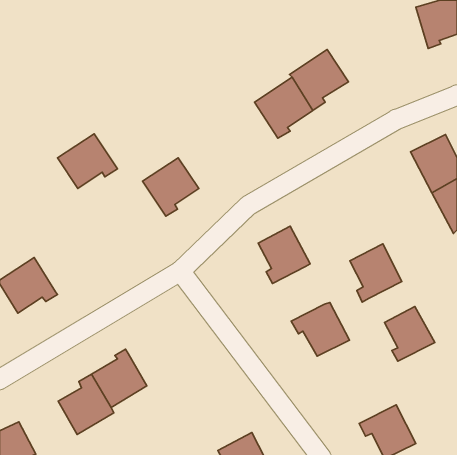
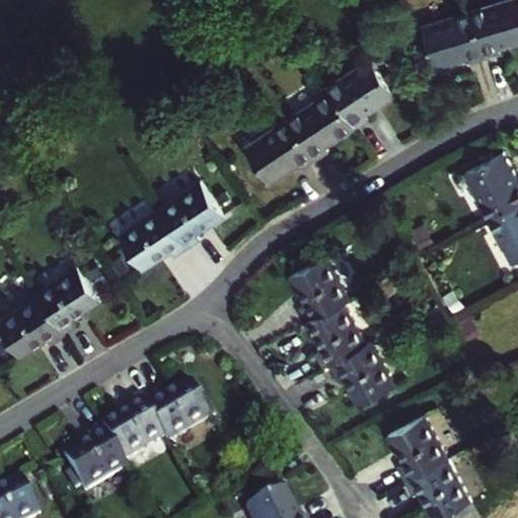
building: none -> [422,12,484,68]
building: none -> [246,119,314,183]
building: [57,134,117,188] -> [119,208,187,270]
building: none -> [36,266,100,333]
building: [350,244,402,302] -> [308,305,366,370]
building: [385,306,435,361] -> [391,420,447,482]
building: none -> [145,384,210,445]

